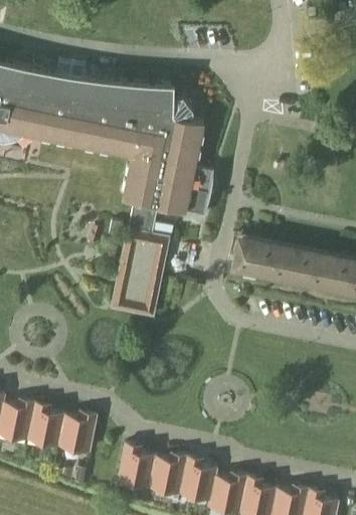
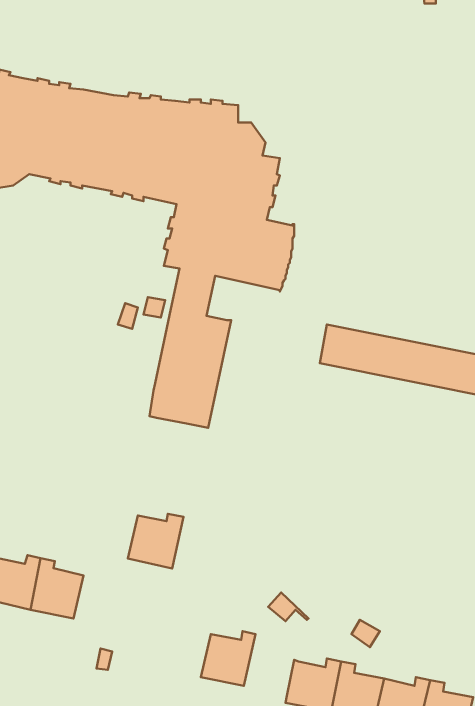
building: [59,415,99,454] -> [128,514,184,568]
building: [119,446,156,488] -> none
building: [179,458,218,501] -> none

